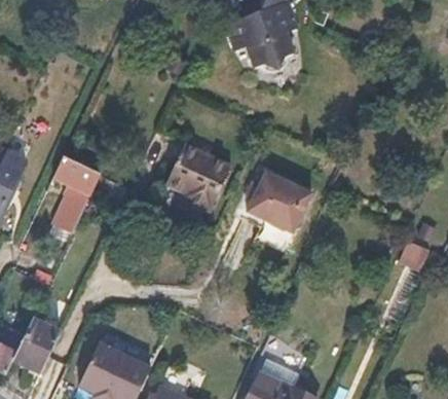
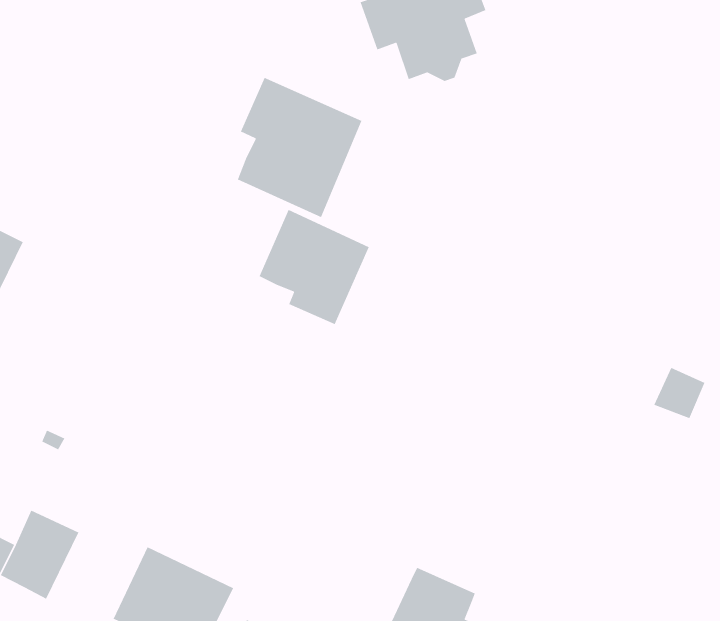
building: none -> [237,77,362,218]
building: [52,157,100,235] -> none
building: [247,172,312,233] -> none

